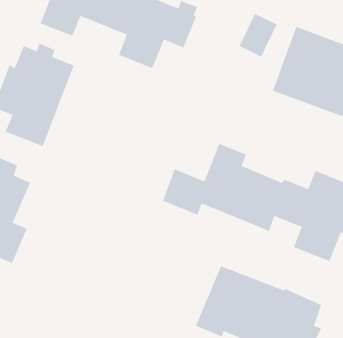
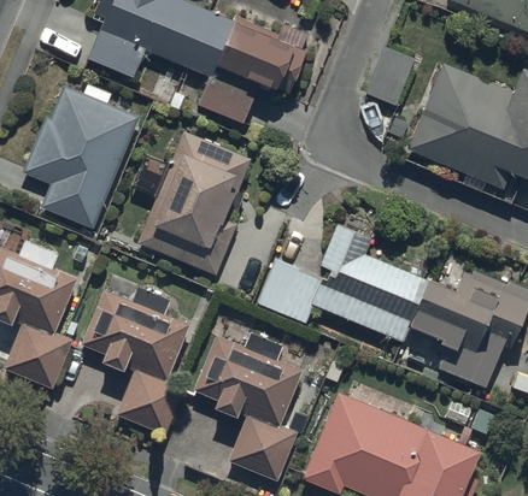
building: none -> [137,134,250,276]
building: none -> [82,289,188,436]
building: none -> [193,333,300,482]

